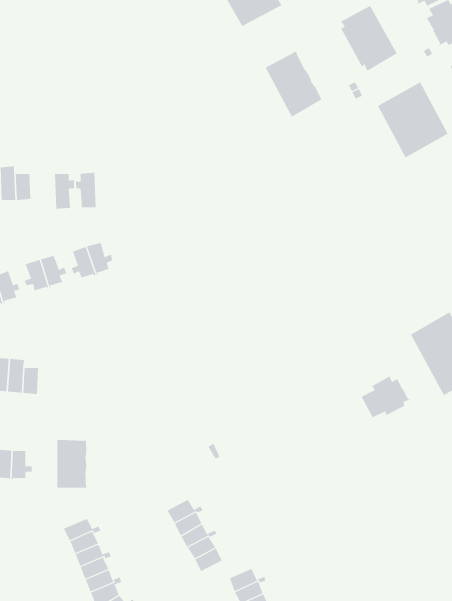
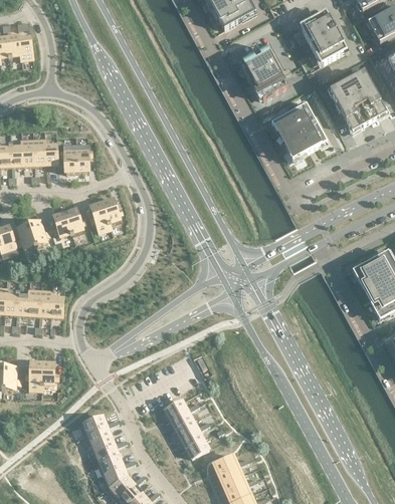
building: none -> [272,102,326,158]
building: [75,172,96,208] -> [58,143,75,171]
building: [361,376,410,418] -> none
building: [57,439,87,489] -> none

